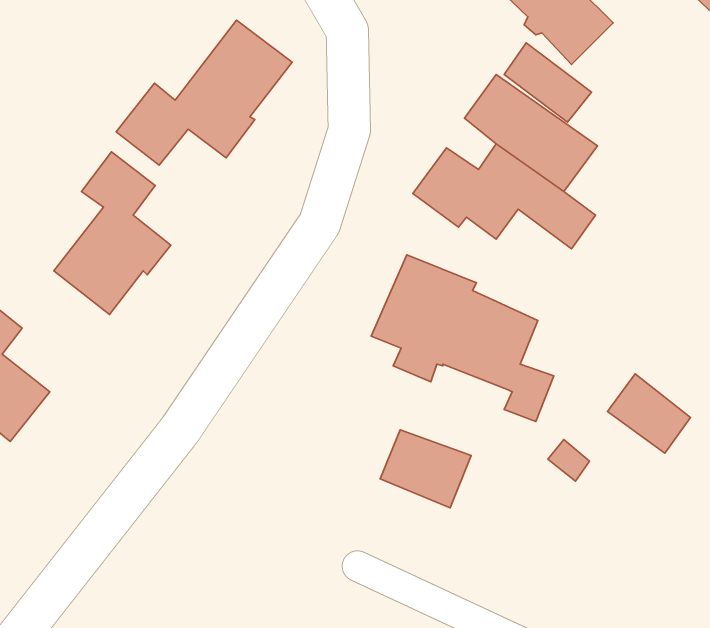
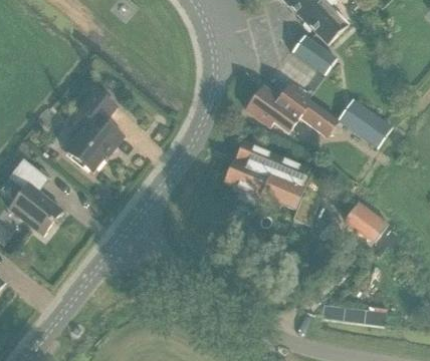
building: [116,20,292,165] -> none
building: none -> [338,98,392,146]
building: [380,430,471,508] -> none

